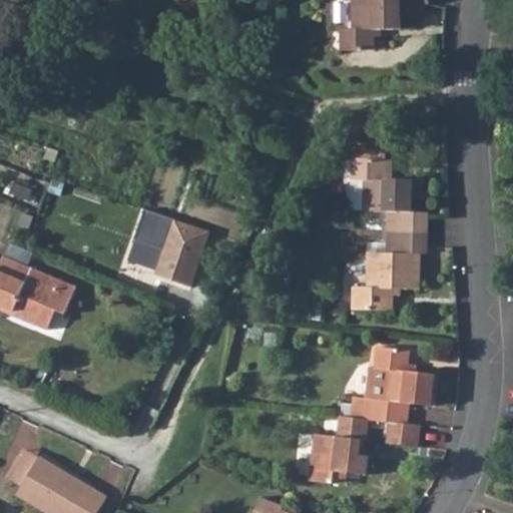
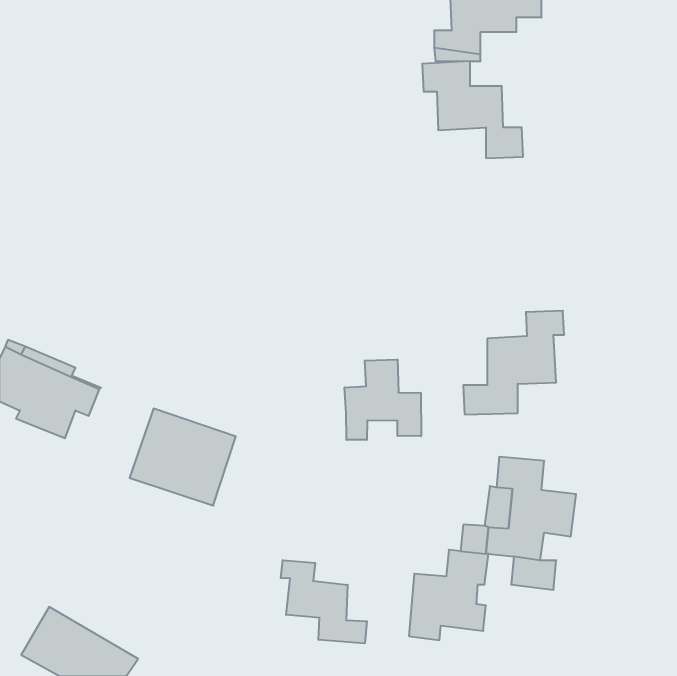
building: [349,162,425,235] -> [422,61,523,158]
building: [127,209,207,283] -> [130,409,236,506]
building: none -> [345,359,421,440]
building: none -> [281,560,367,643]

